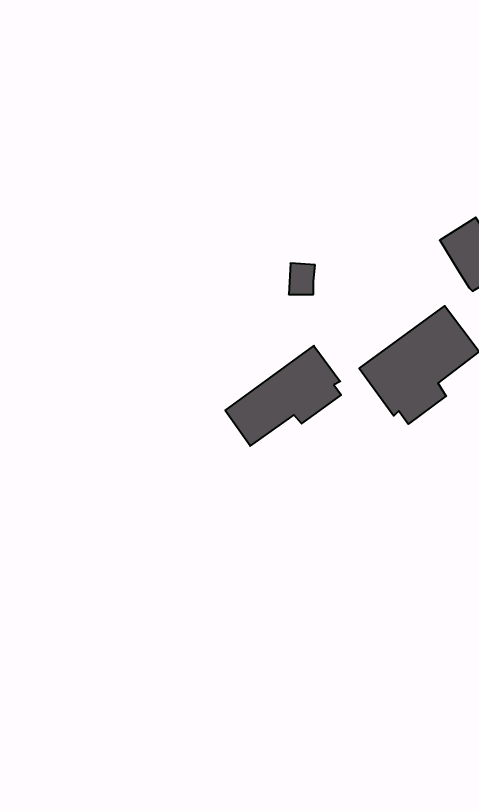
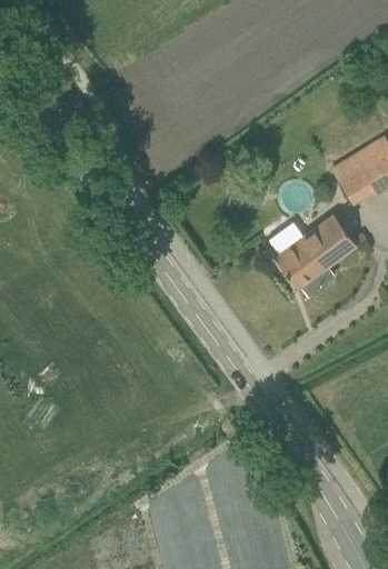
building: [225,346,341,446] -> none

